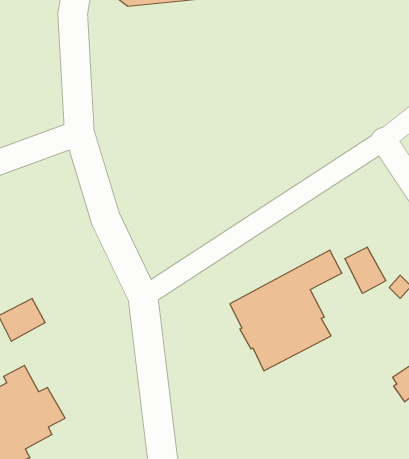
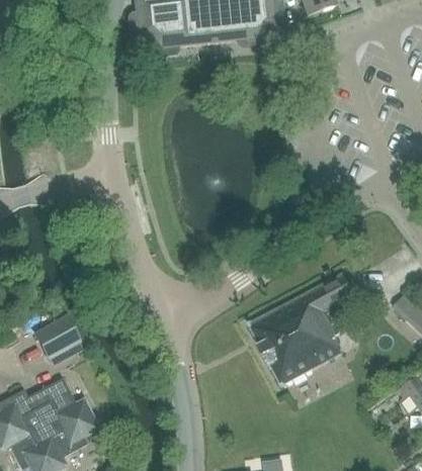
building: [345,247,386,293] -> none

